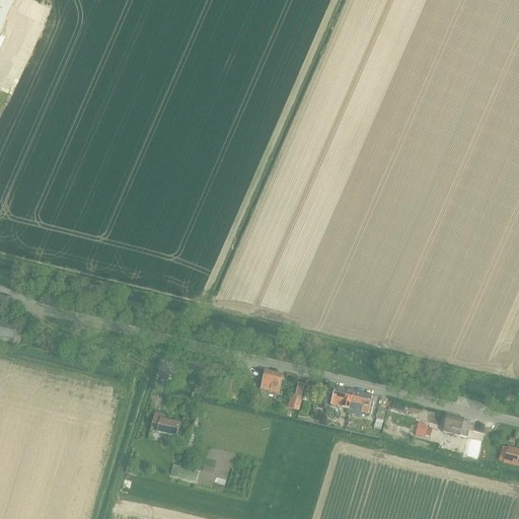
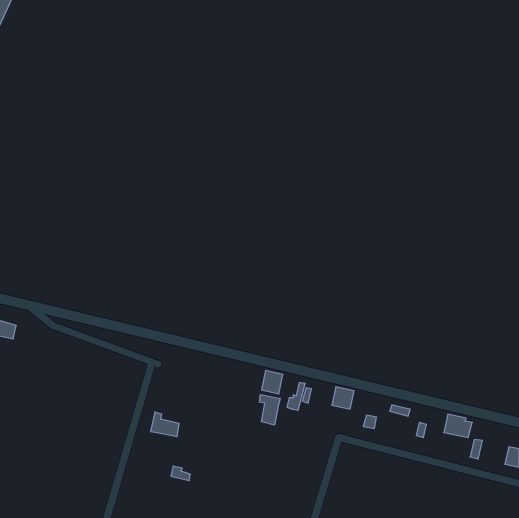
building: [348,389,372,415] -> none
building: none -> [260,395,280,425]

